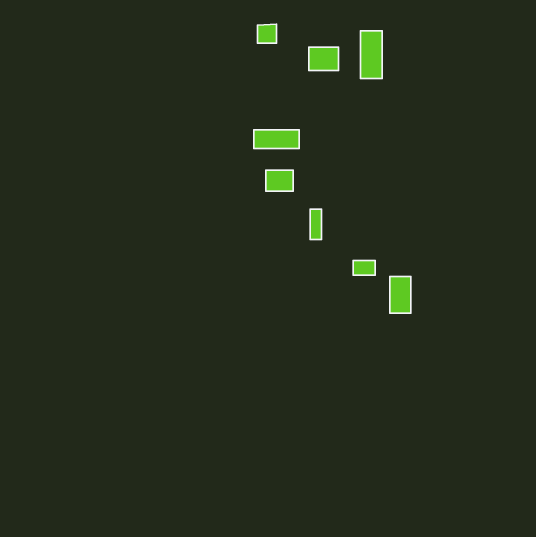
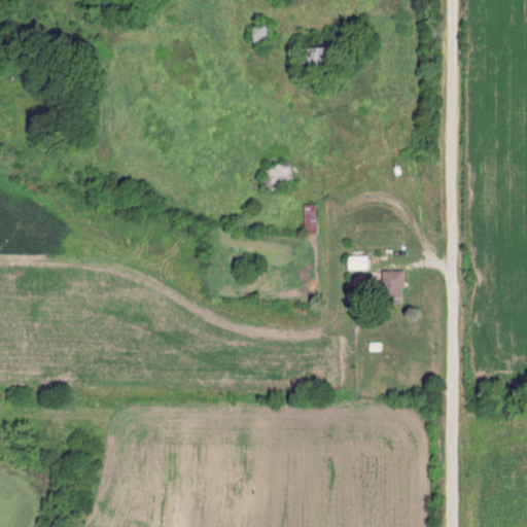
building: [360,31,382,78] -> none
building: [254,130,299,148] -> none

